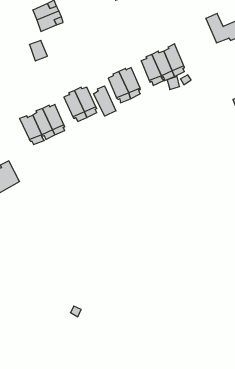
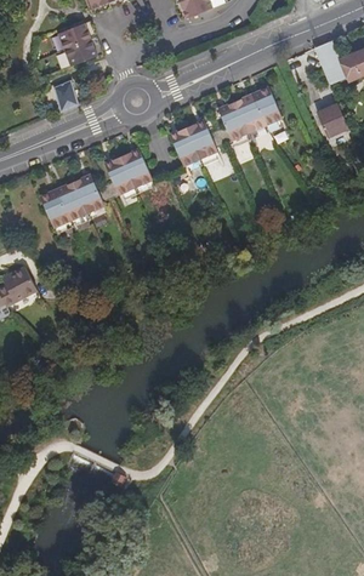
building: none -> [315,103,347,135]
building: [94,86,116,116] -> none

